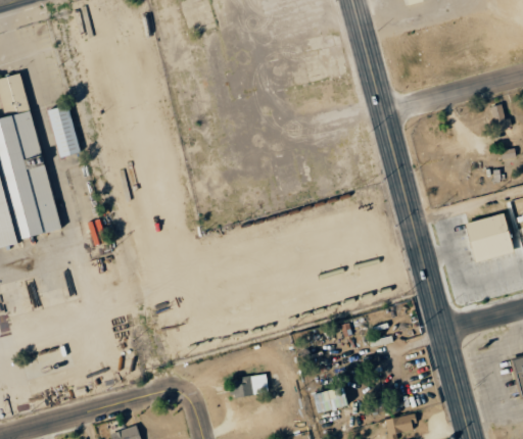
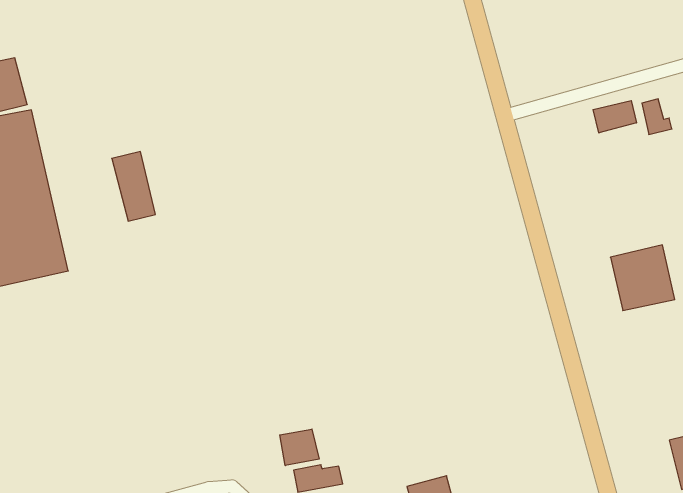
building: [47,105,80,157] -> [112,152,155,221]
building: none -> [593,101,636,133]
building: none -> [280,429,319,466]

